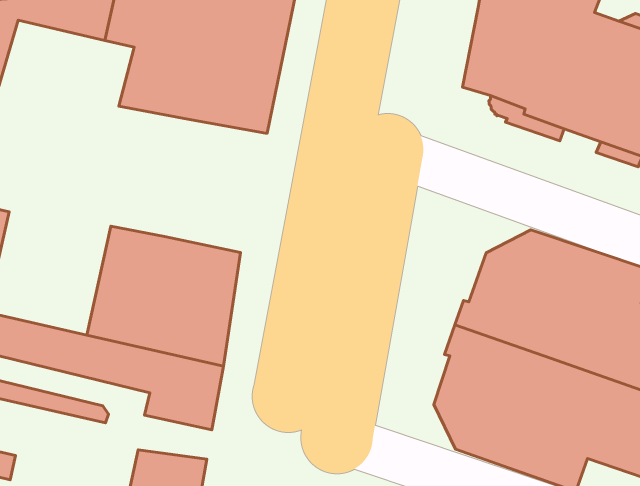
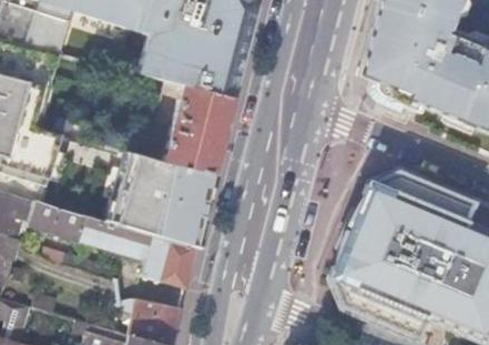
building: none -> [163,85,233,174]

